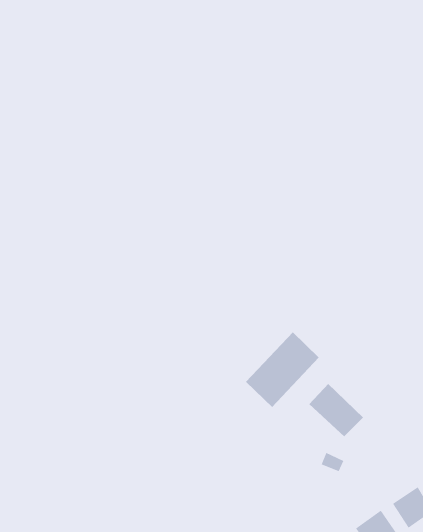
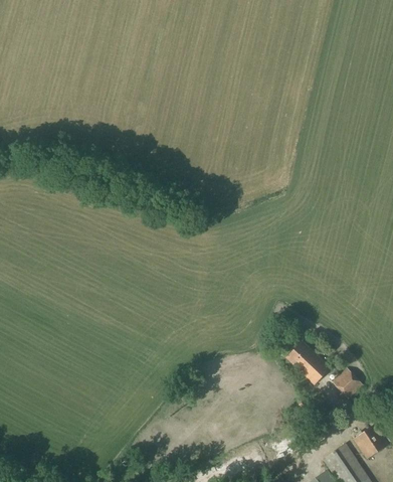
building: [245,332,320,408] -> none
building: none -> [332,367,363,399]

